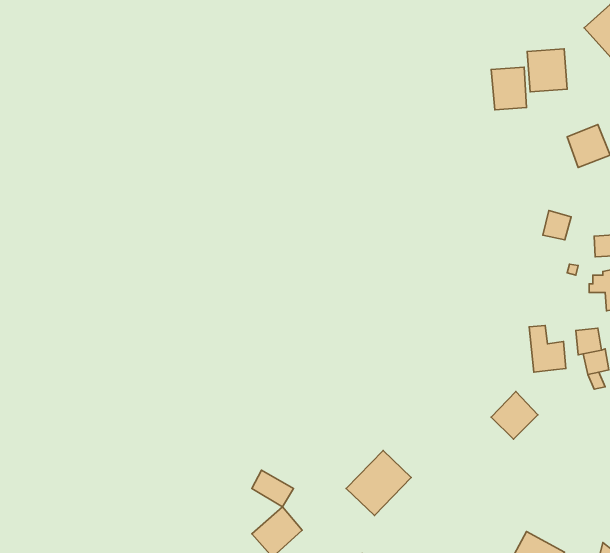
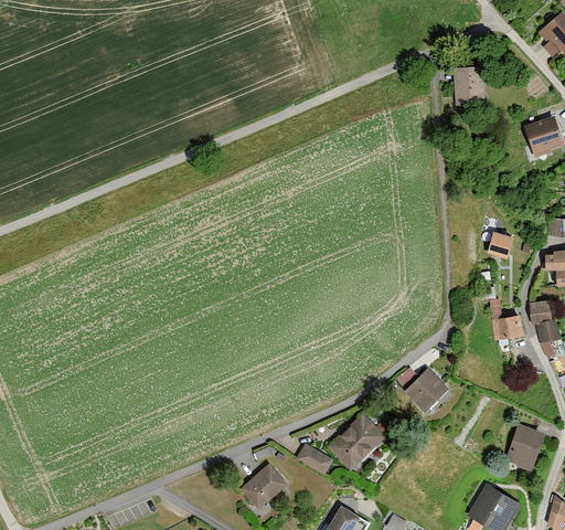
building: [527,49,567,92] -> none
building: [543,211,571,240] -> [490,232,515,258]
building: [491,392,538,439] -> [404,365,446,409]
building: none -> [504,426,544,471]
building: [252,470,293,507] -> [295,443,332,476]

